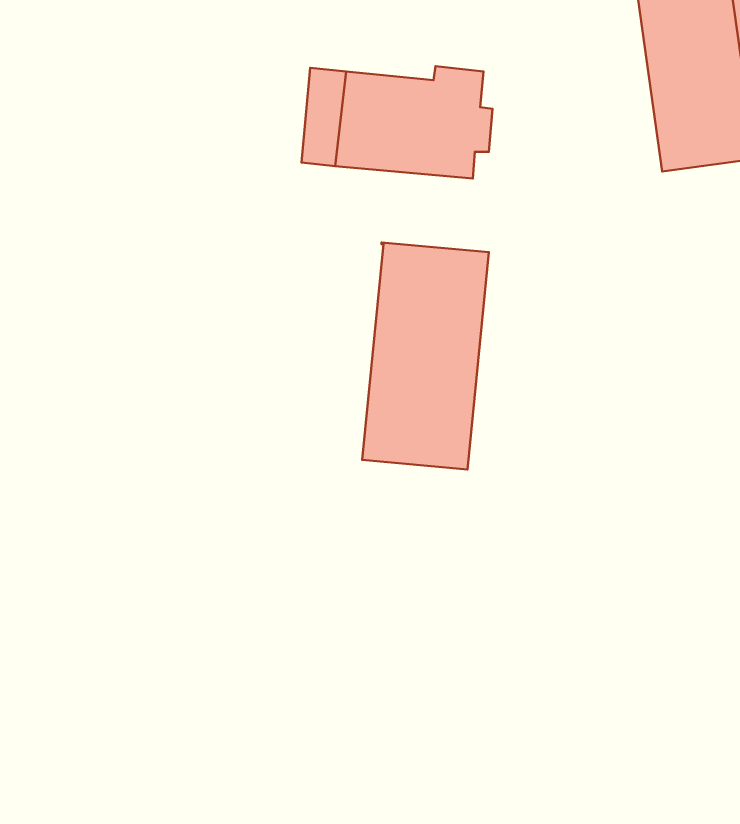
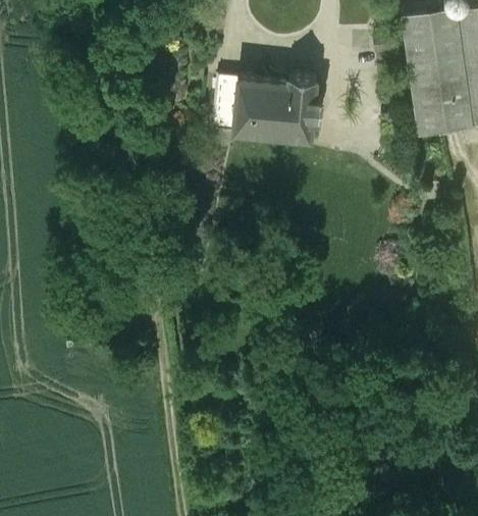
building: [362,242,489,470] -> none

